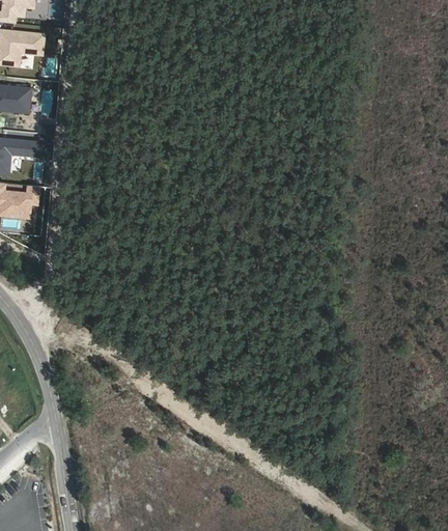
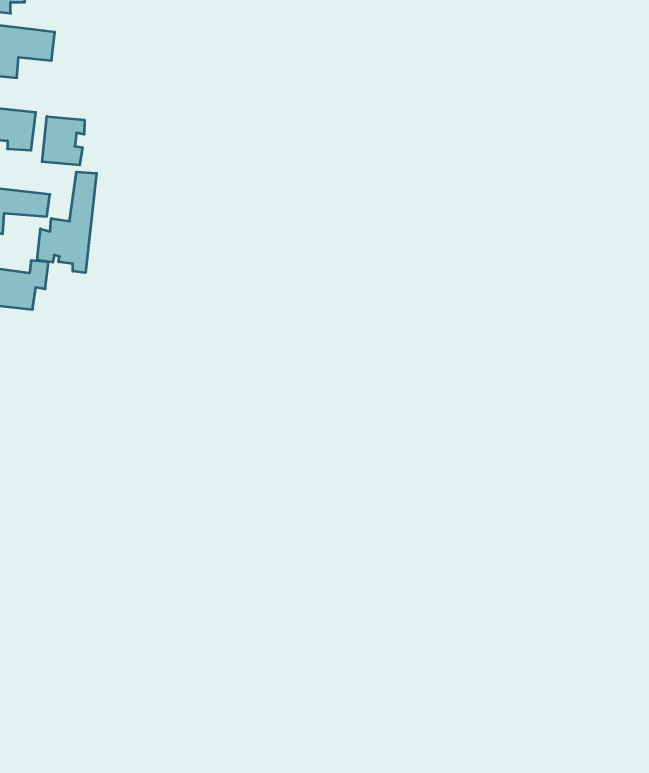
building: none -> [42,116,84,165]
building: none -> [37,172,97,273]

